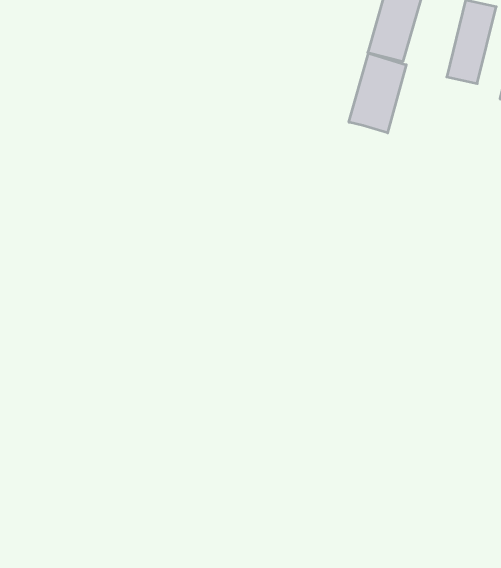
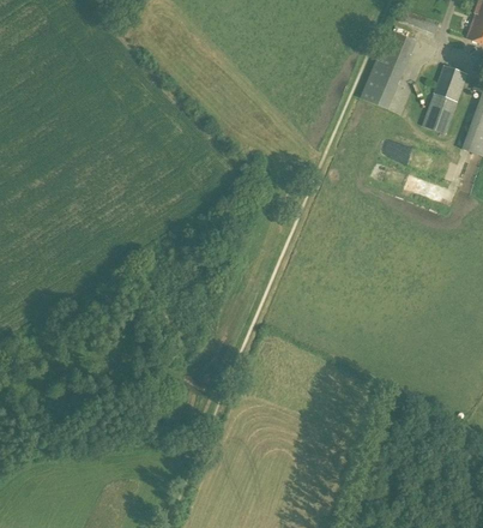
building: [349,53,406,133] -> none

